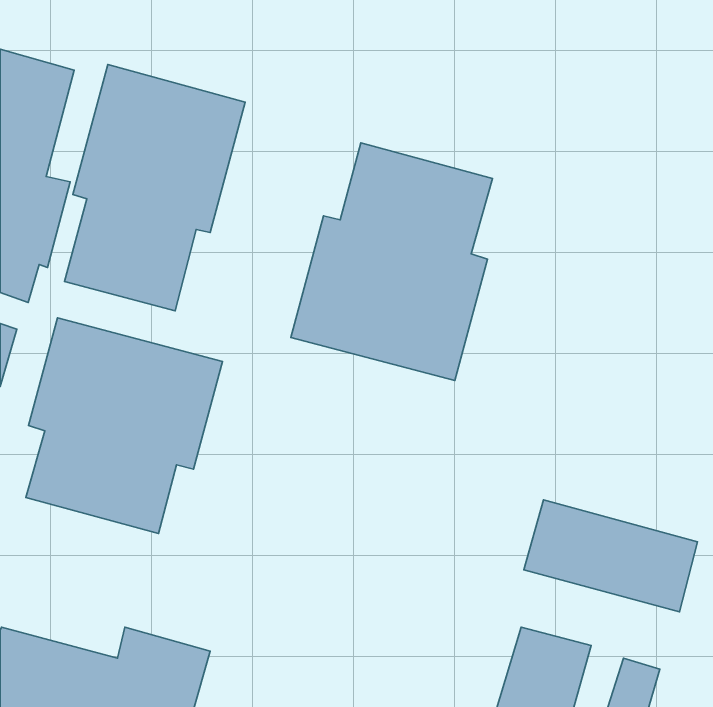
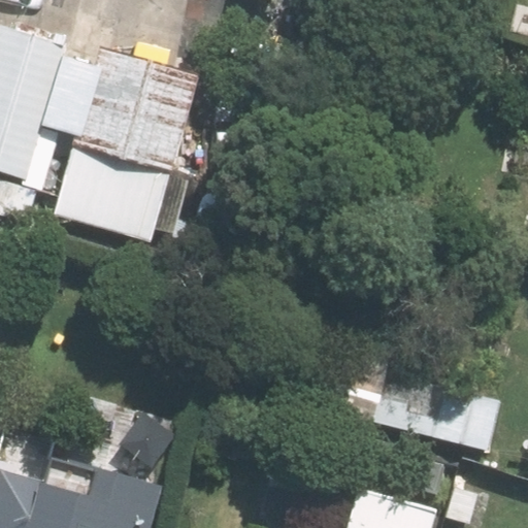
building: [291,143,492,381] -> none
building: [26,318,222,533] -> none

